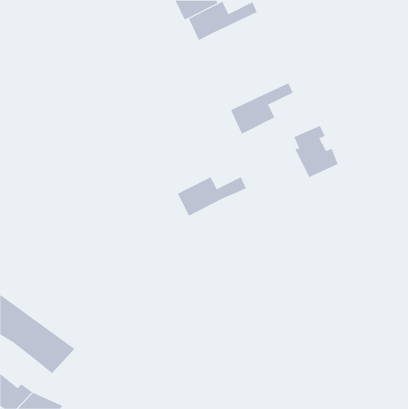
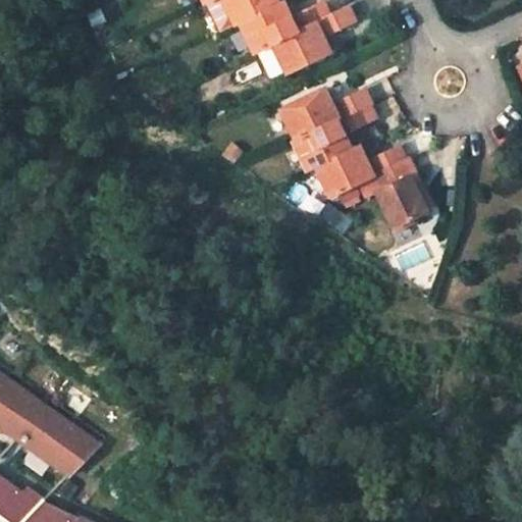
building: none -> [271,6,354,72]
building: none -> [280,88,371,140]
building: [177,177,247,217] -> [316,146,405,197]

